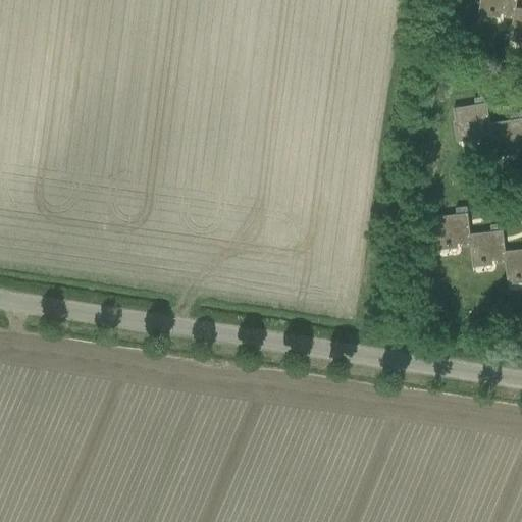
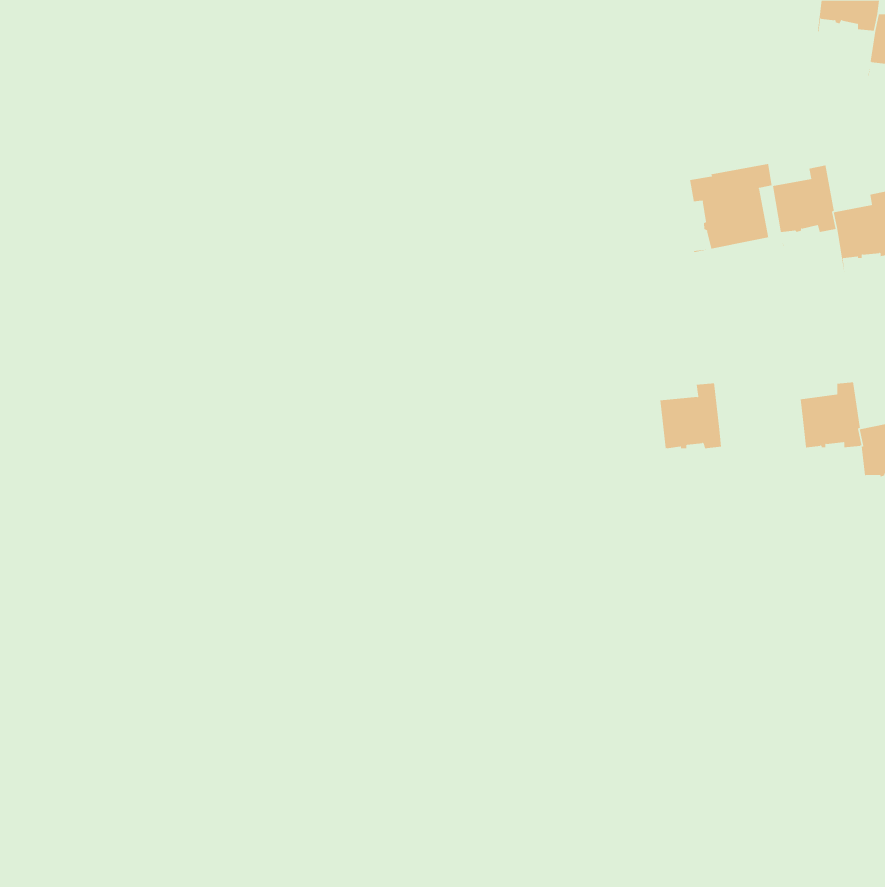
building: none -> [690,163,772,253]
building: [435,207,472,254] -> [659,383,722,463]

